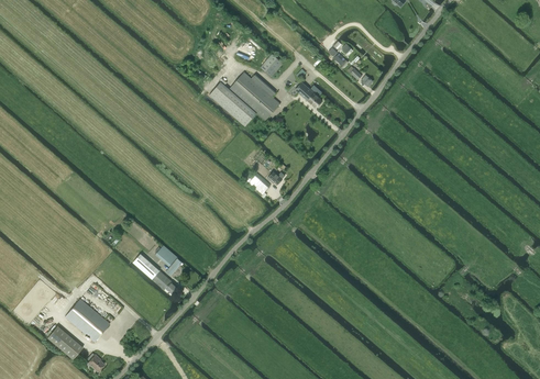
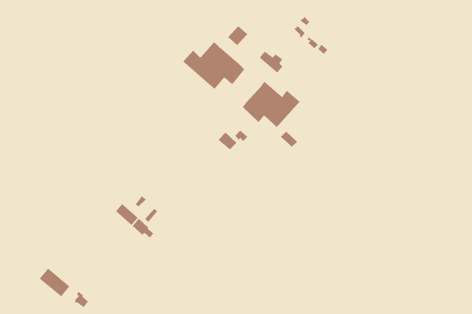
building: none -> [242,81,300,128]
building: [65,298,109,341] -> none

